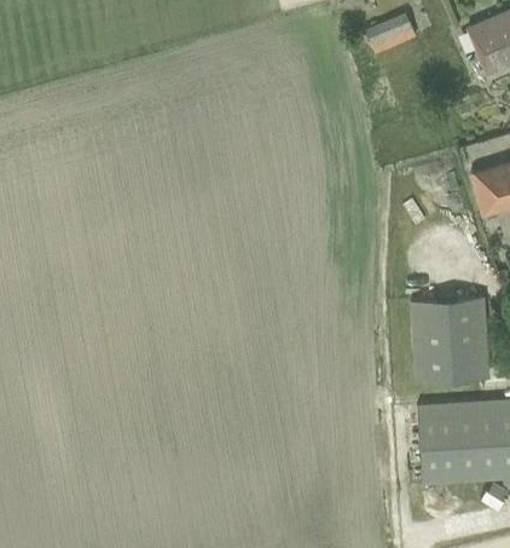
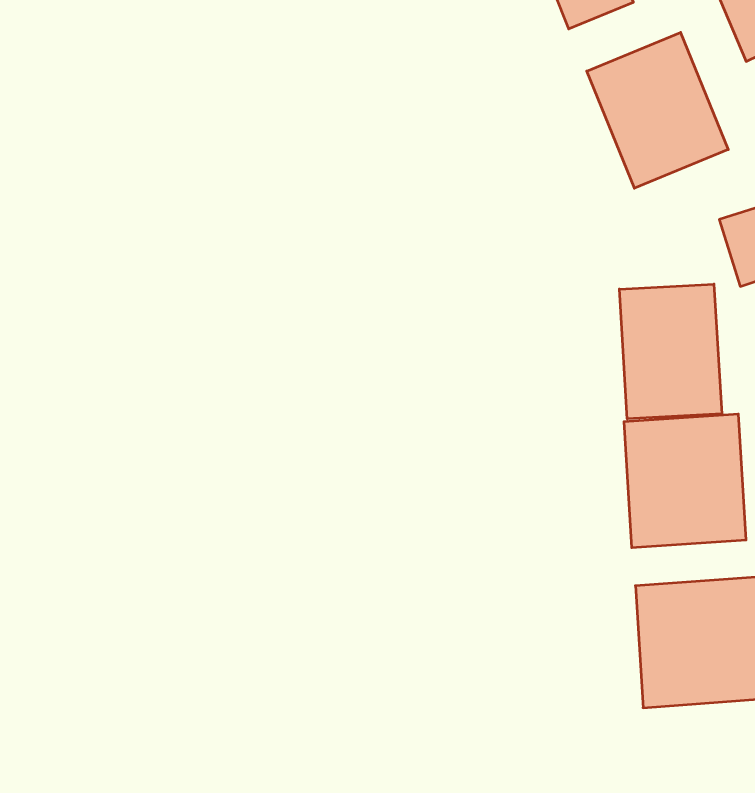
building: none -> [587,32,728,188]
building: none -> [619,284,722,419]

